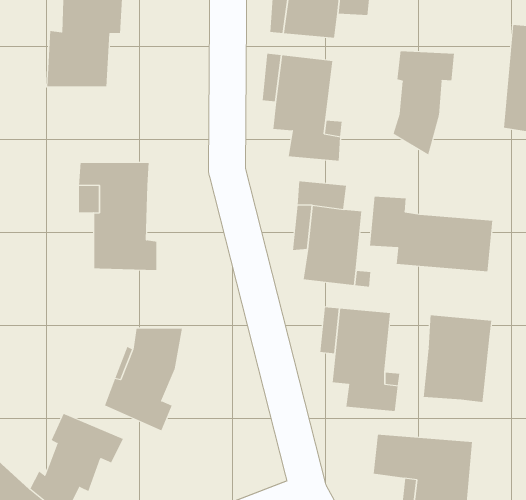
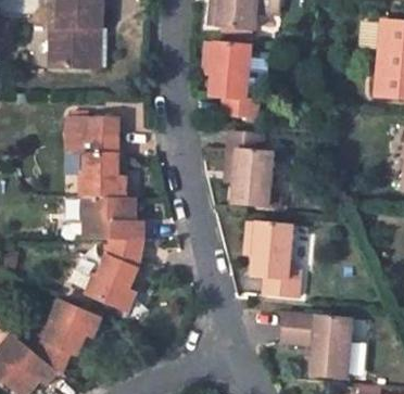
building: [393,51,454,155] -> none
building: [370,196,493,272] -> none
building: none -> [81,195,144,238]
building: [423,314,492,403] -> none

